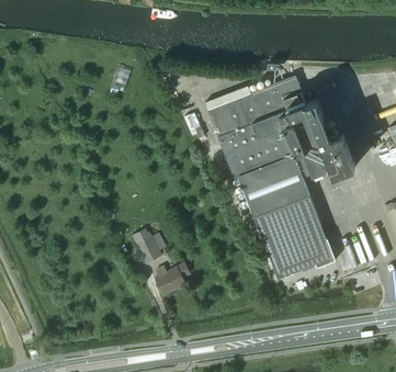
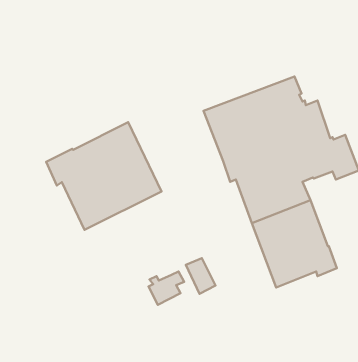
building: none -> [46,122,162,230]
building: [133,228,161,262] -> [186,258,216,294]

